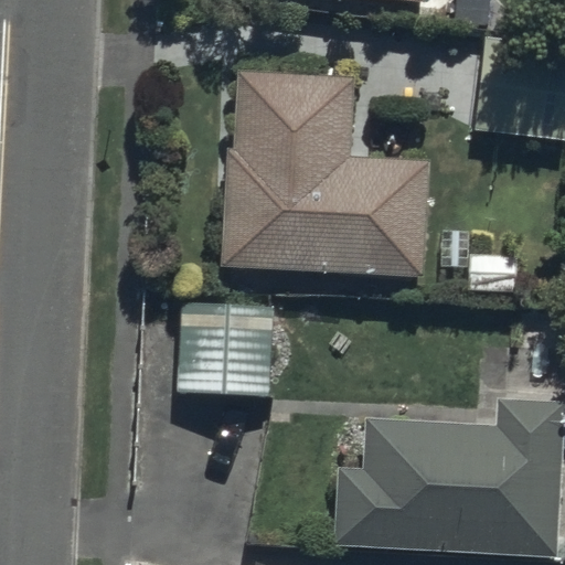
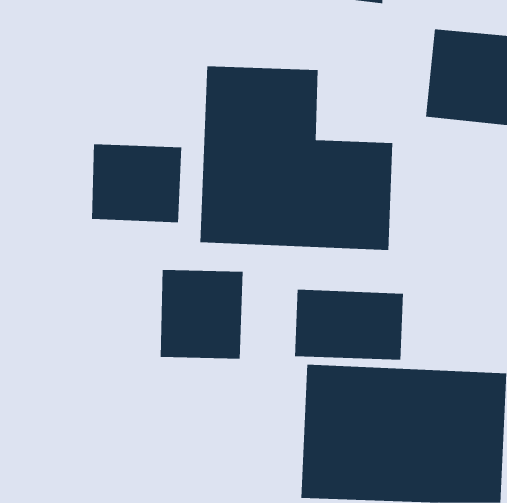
building: none -> [91,143,182,223]
building: none -> [294,289,403,360]

